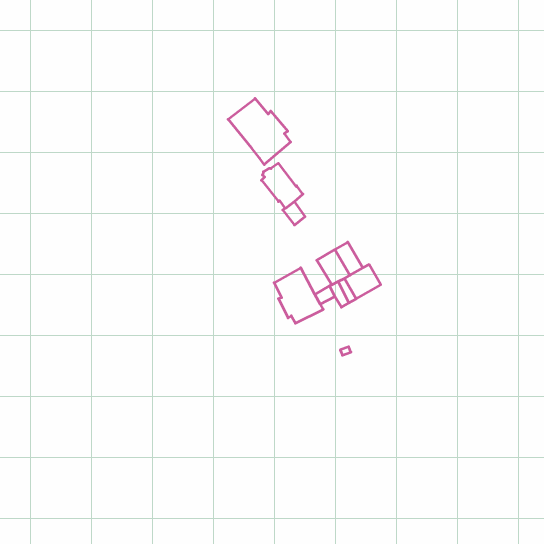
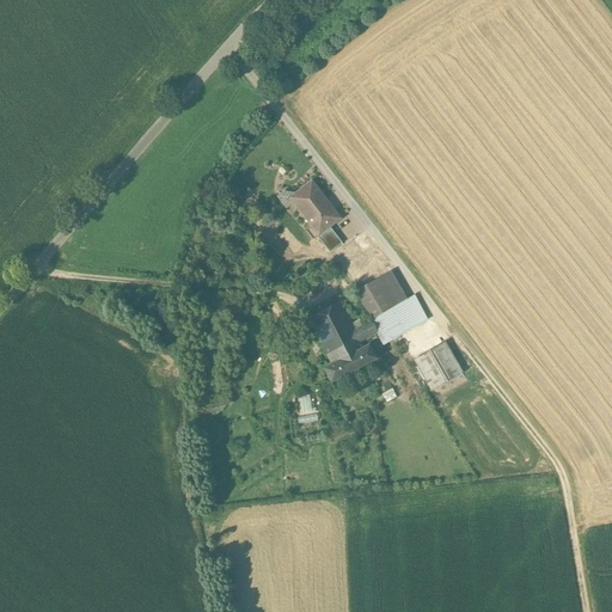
building: [228,98,291,165] -> none
building: none -> [415,342,464,390]
building: none -> [323,344,377,382]

